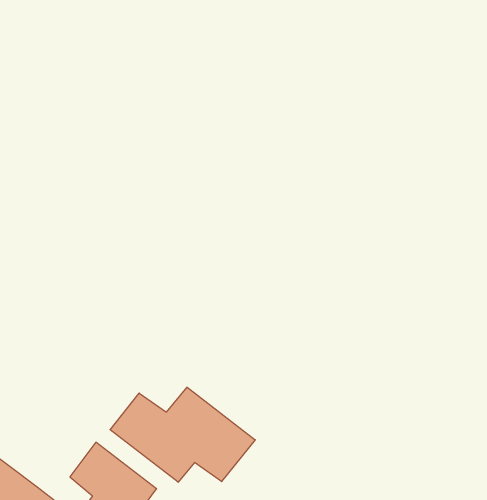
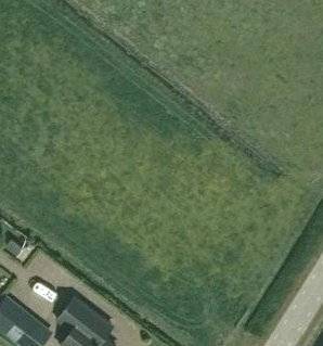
building: [110,387,255,482] -> none

